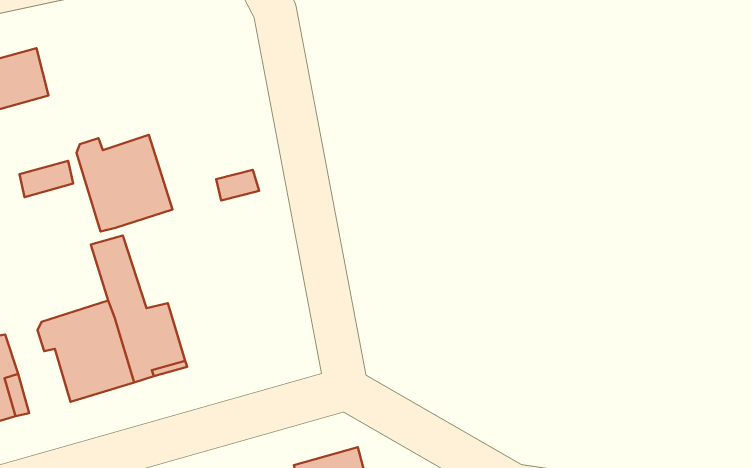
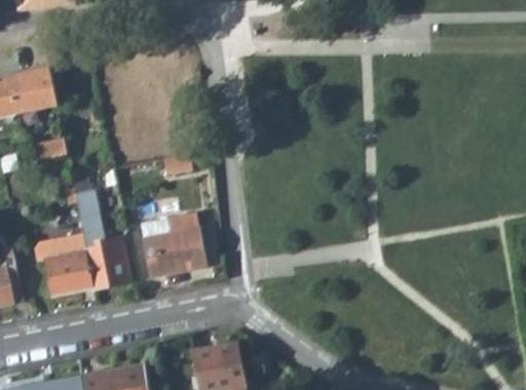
building: [76,135,172,232] -> none
building: none -> [139,212,205,277]

